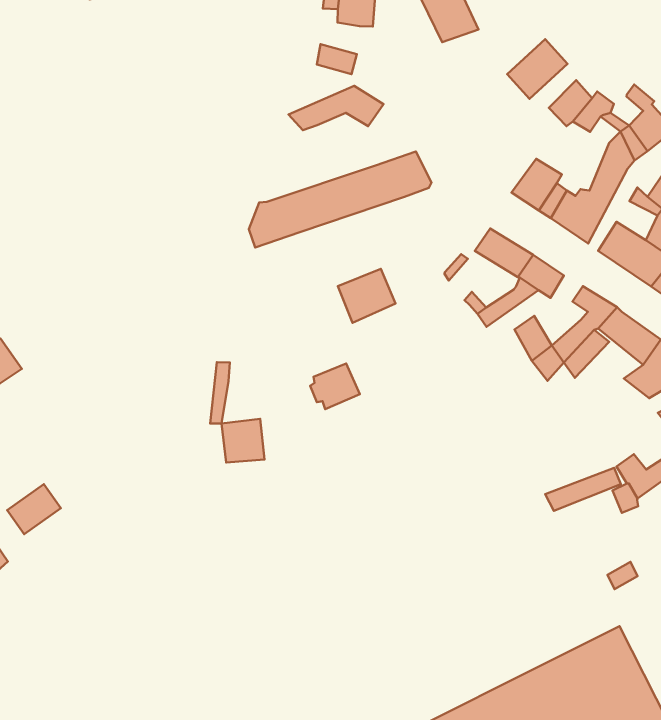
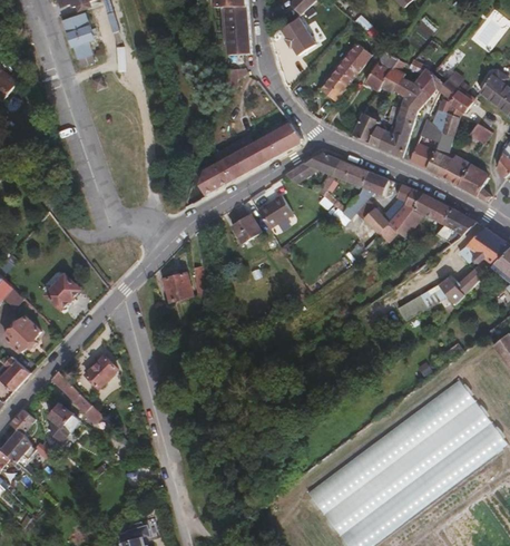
building: none -> [317,67,351,101]
building: [289,86,383,130] -> [286,152,341,183]
building: [310,364,360,409] -> [231,212,261,241]
building: [221,419,265,462] -> [164,271,193,300]

